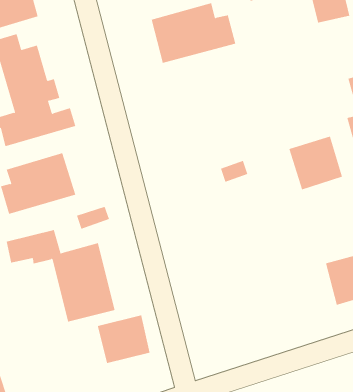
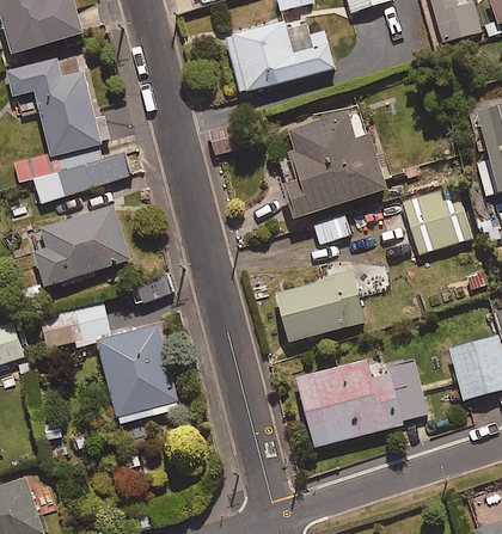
building: none -> [283,100,387,219]
building: none -> [274,271,367,343]
building: none -> [296,358,429,447]
building: [97,314,150,364] -> none

